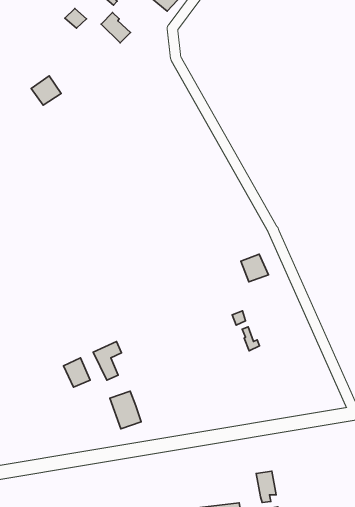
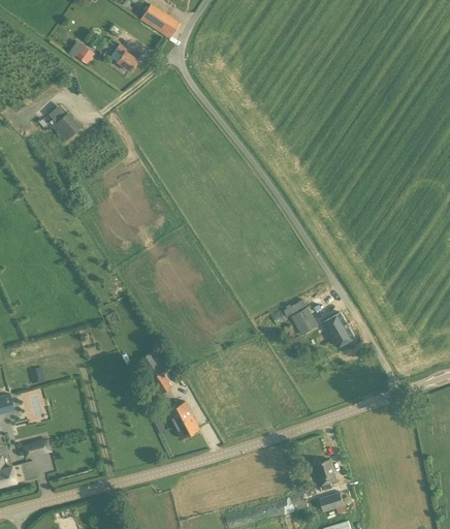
building: [241,254,268,282] -> [291,307,319,335]
building: none -> [323,312,354,347]
building: [63,358,90,387] -> none

